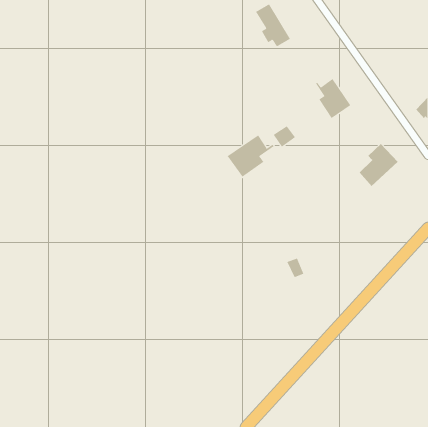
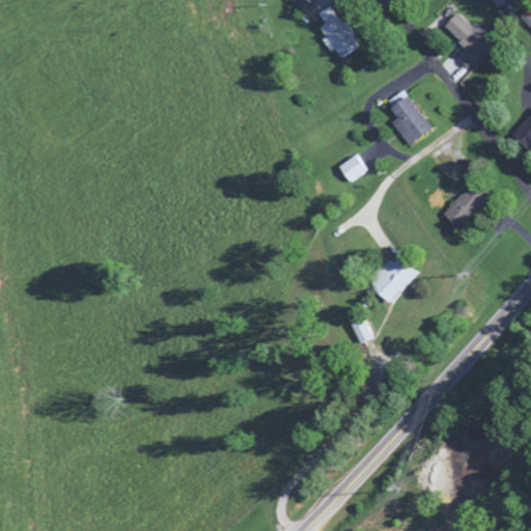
building: none -> [445,13,492,69]
building: [227,134,274,178] -> none
building: none -> [373,253,421,302]

